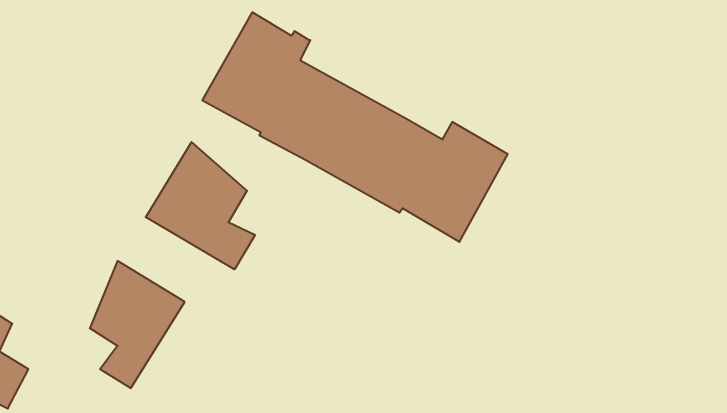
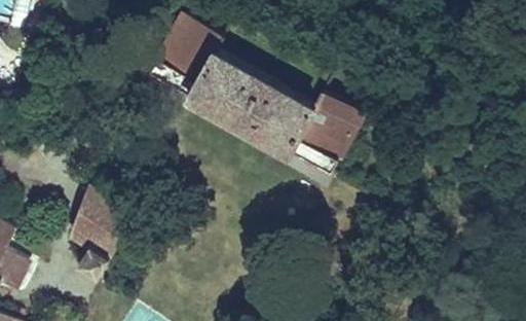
building: [146,142,255,269] -> none

